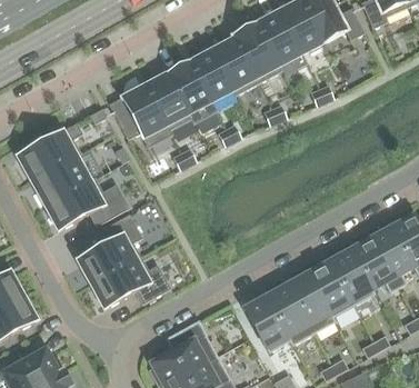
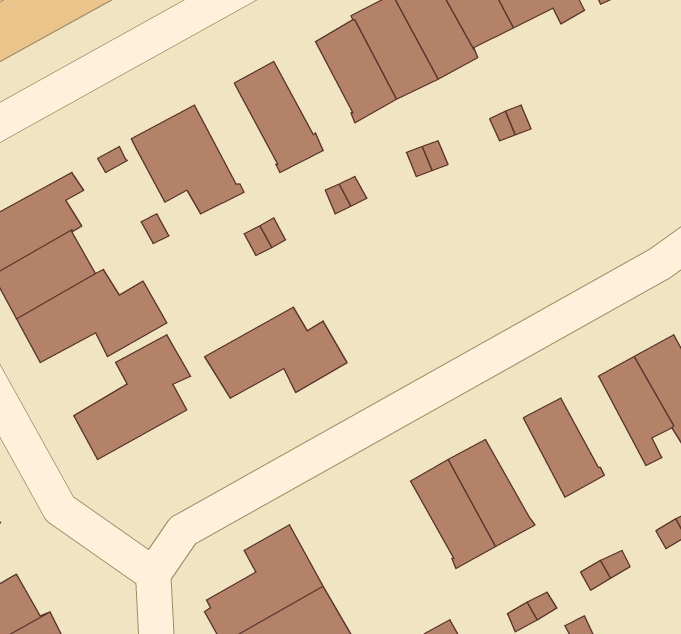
building: [189,49,233,101] -> none
building: [144,72,191,129] -> none
building: [350,237,398,291] -> none
building: [90,256,170,307] -> [205,307,347,398]
building: [308,260,352,316] -> none
building: [243,296,290,351] -> none

